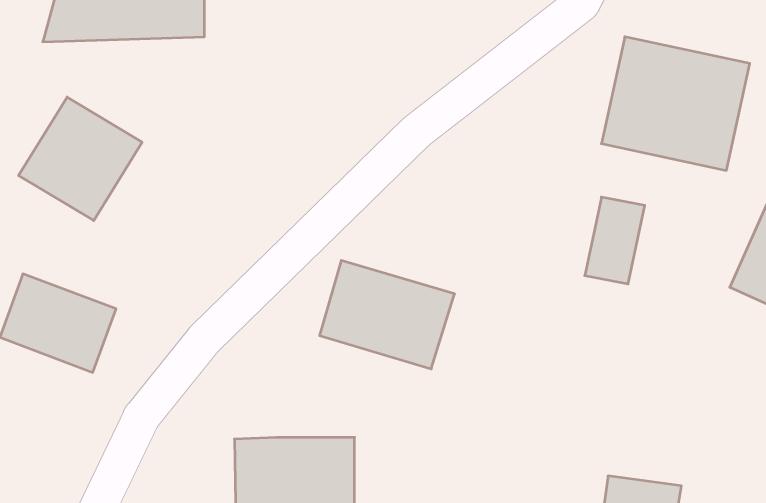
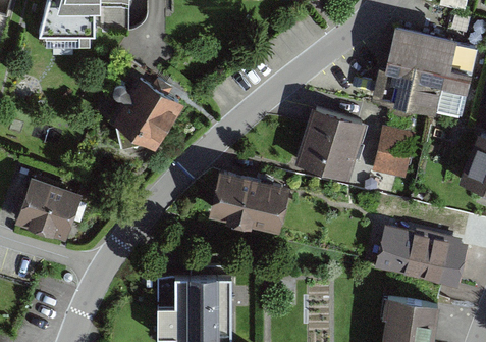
building: [19,97,142,221] -> [110,74,185,149]
building: none -> [287,104,364,182]
building: none -> [373,229,457,285]

